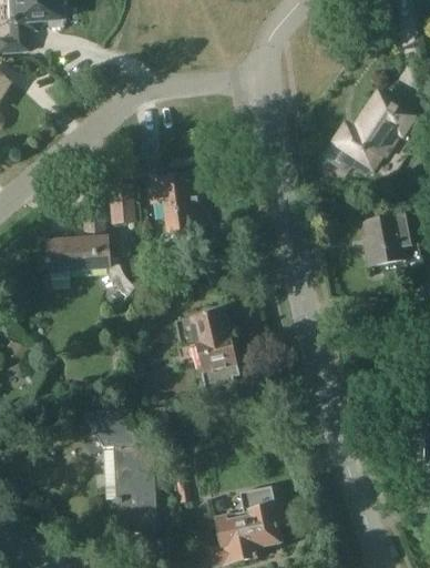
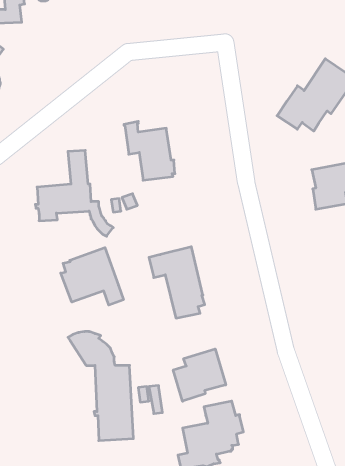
building: [110,184,134,222] -> none
building: none -> [61,248,123,305]
building: none -> [173,349,226,401]

